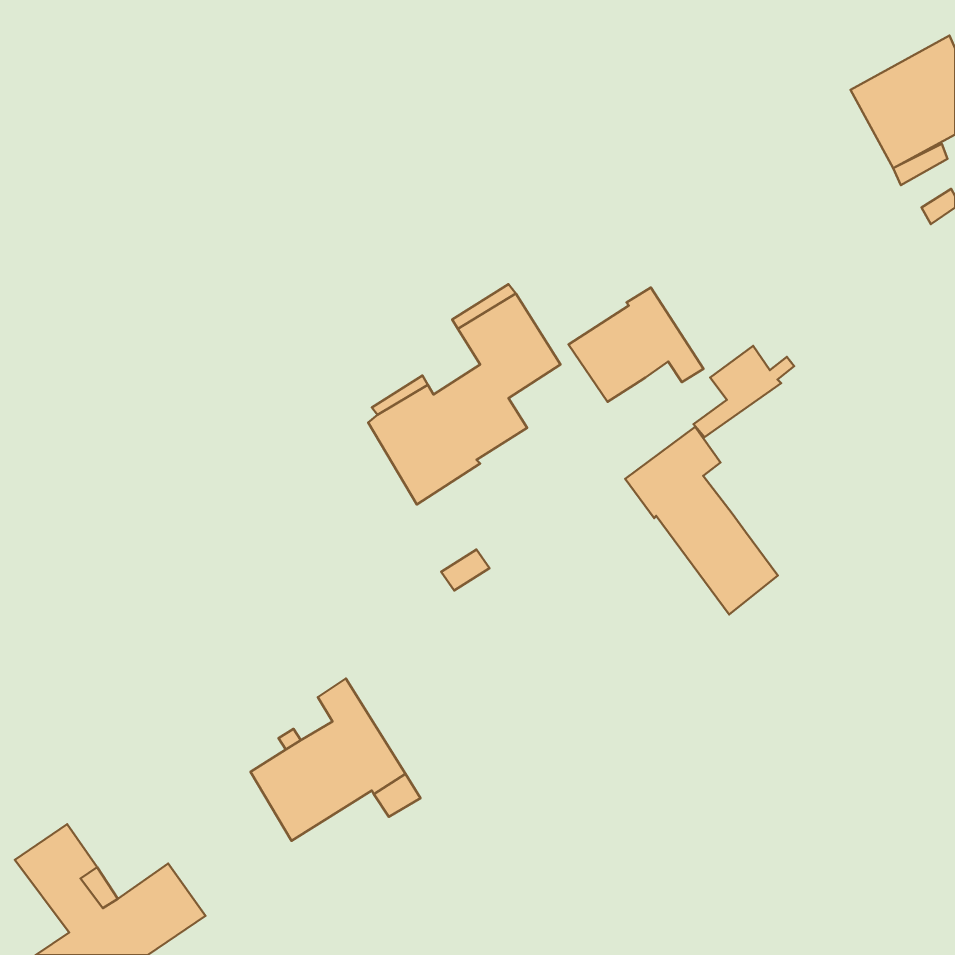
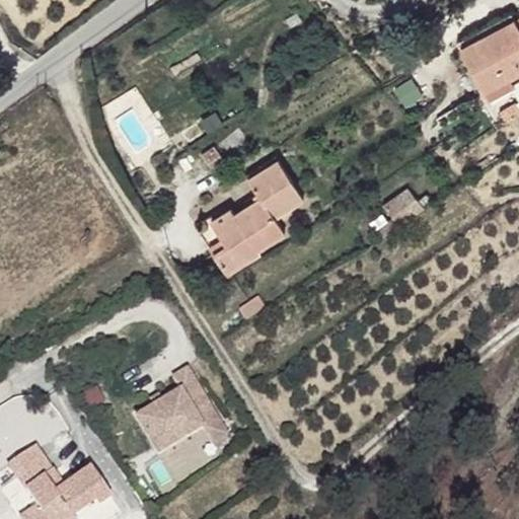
building: [569,287,704,402] -> none
building: [625,427,778,615] -> none

